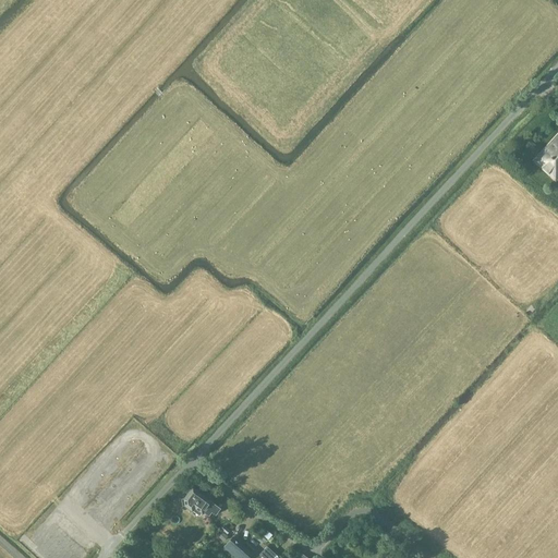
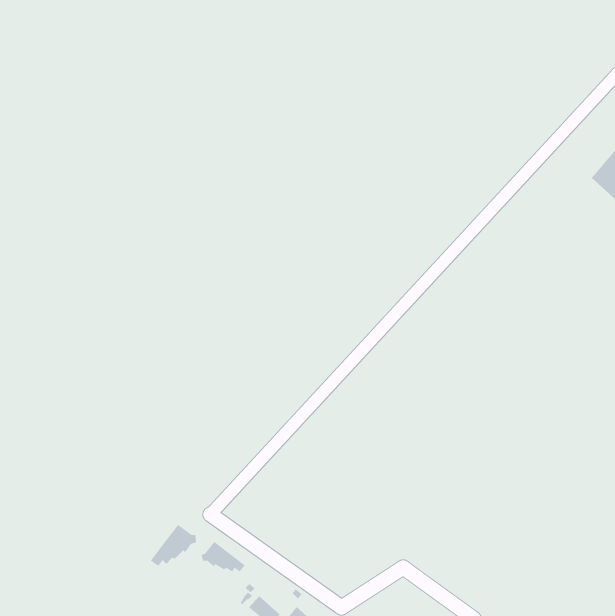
building: none -> [150,524,197,567]

